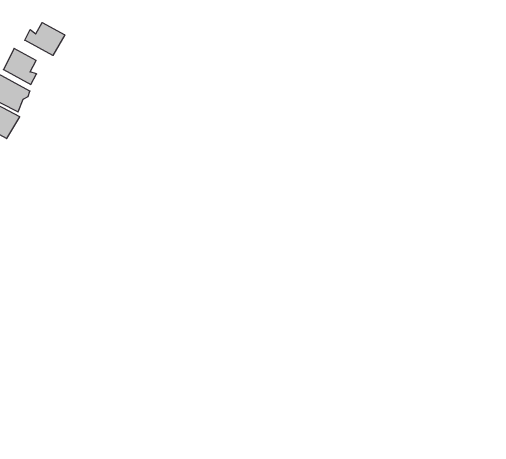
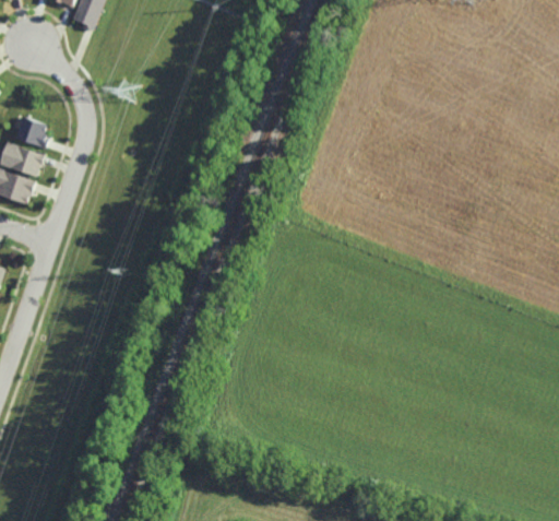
building: [25,23,65,55] -> none

